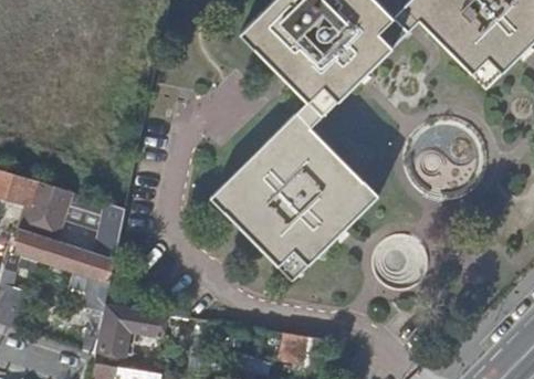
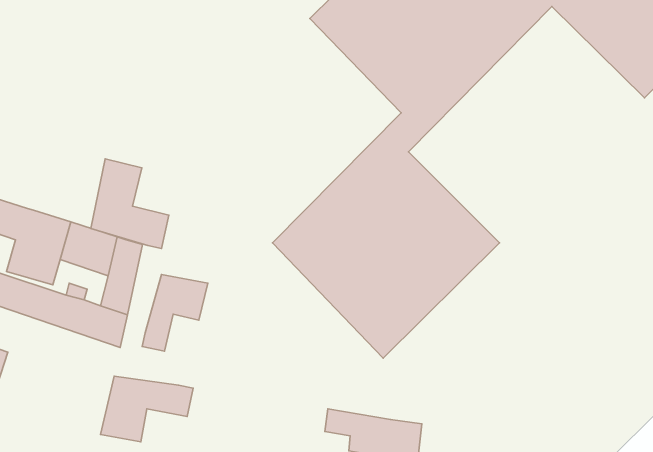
building: none -> [91,159,169,249]
building: none -> [142,274,208,351]

